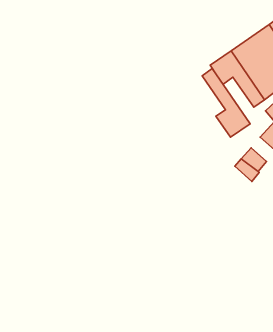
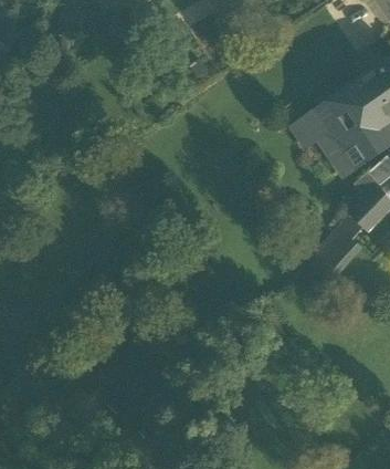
building: [202,69,250,137] -> none

